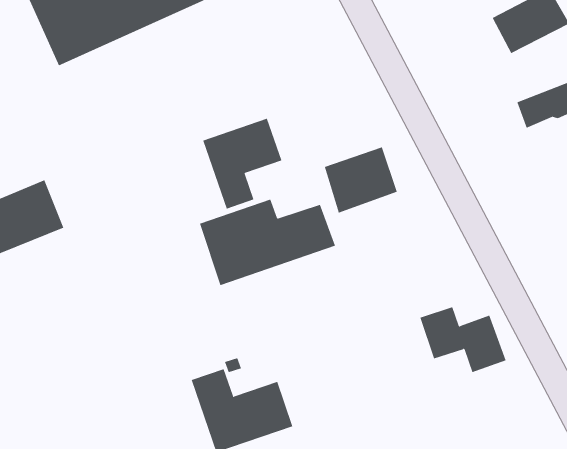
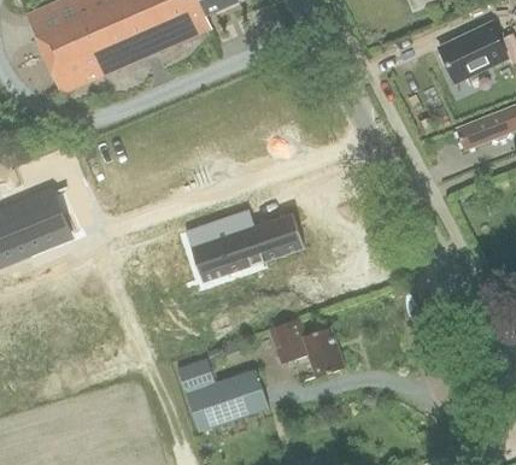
building: [203,118,282,209] -> none
building: [324,146,398,213] -> none
building: [420,307,506,373] -> [270,319,346,377]

